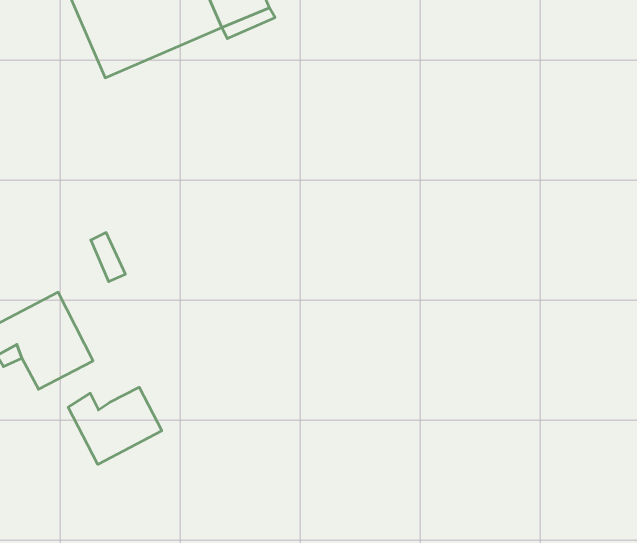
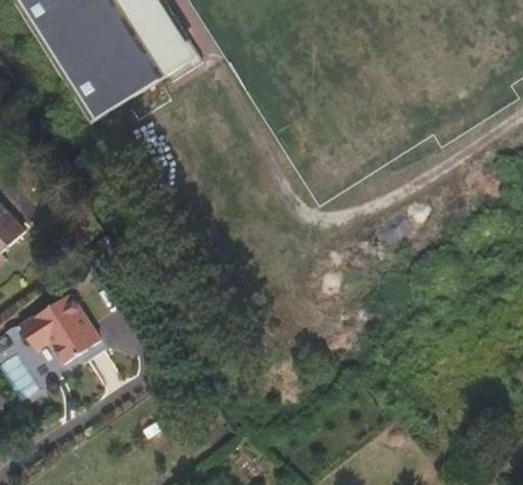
building: [68,387,162,464] -> none

